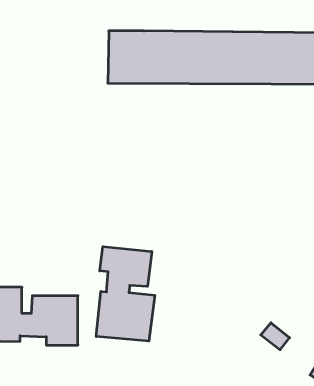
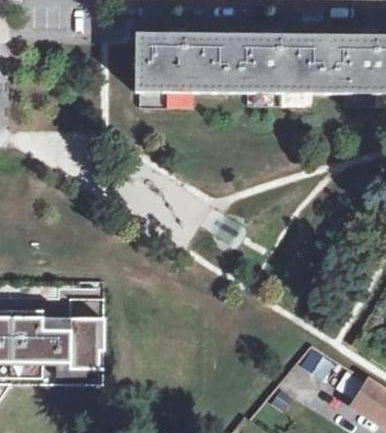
building: [96,247,155,341] -> none

